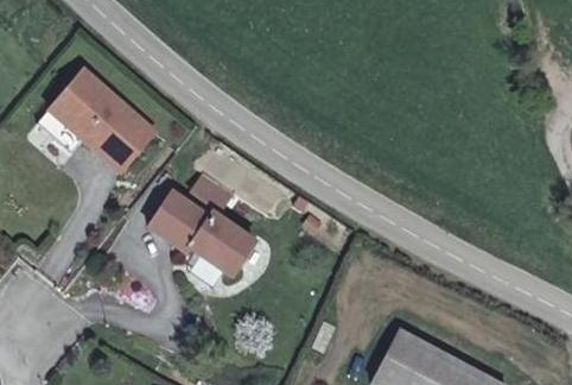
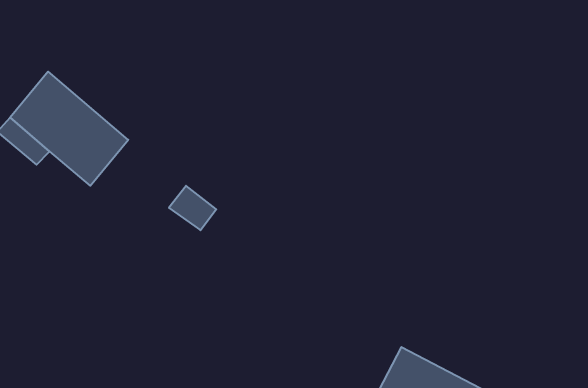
building: [148,192,255,277] -> none

